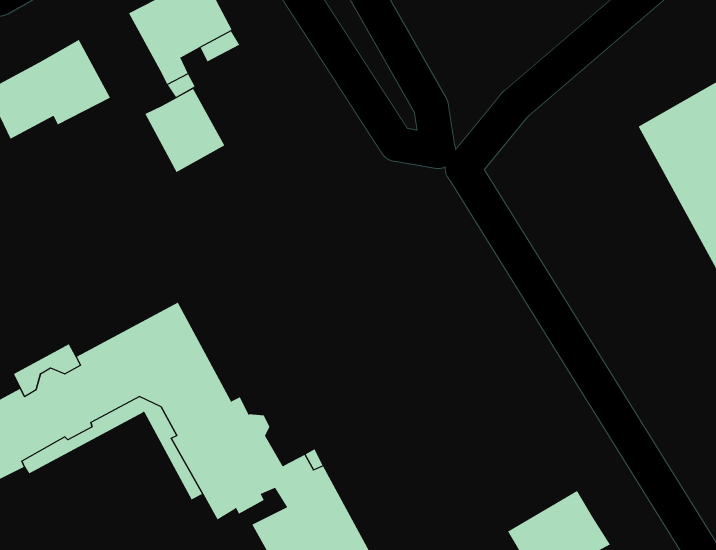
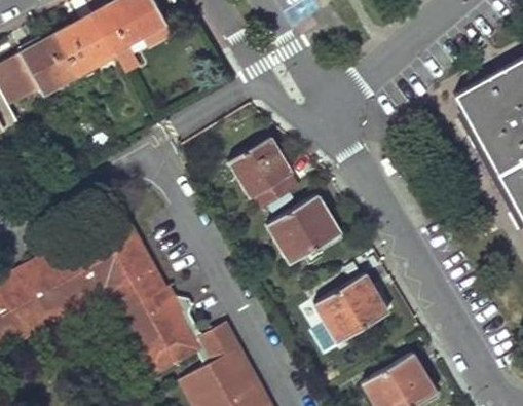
building: [145,88,225,173] -> [58,13,115,74]
building: none -> [230,137,300,211]
building: none -> [267,194,341,263]
building: none -> [315,275,389,342]

